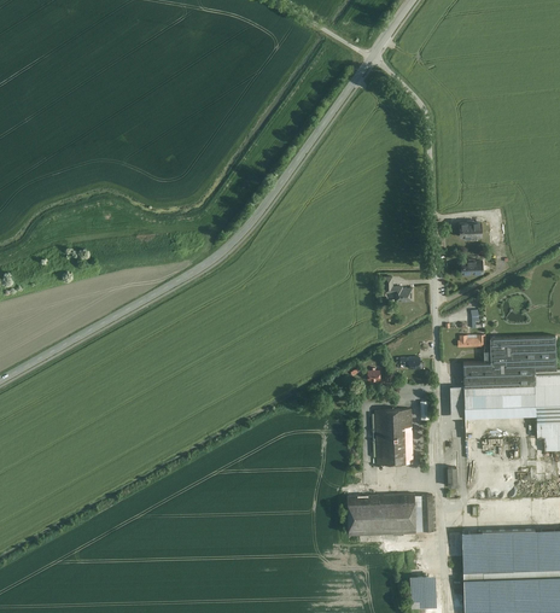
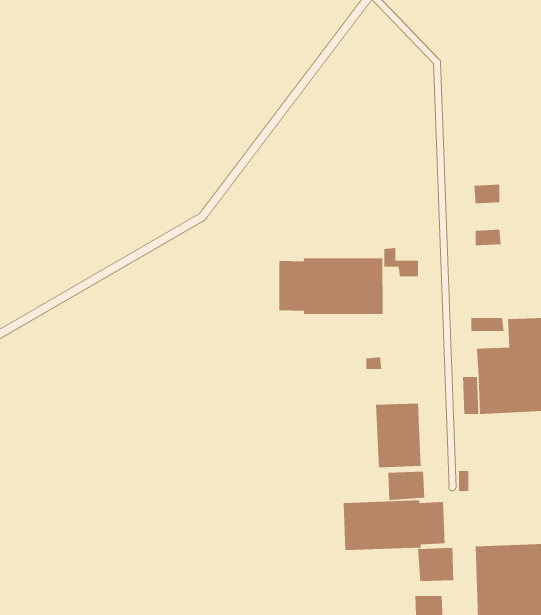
building: none -> [279,257,383,315]
building: none -> [388,471,425,501]
building: none -> [418,547,454,582]

